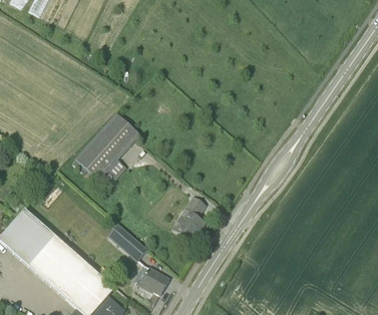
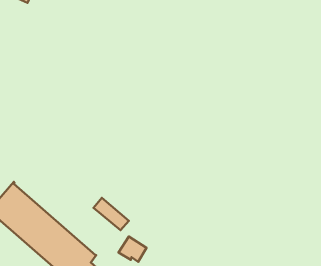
building: [77,113,142,189] -> none
building: [172,205,205,242] -> none

